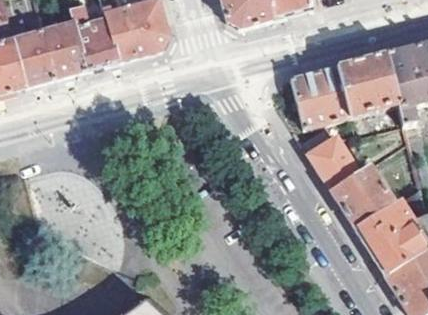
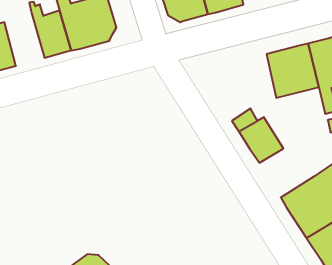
building: [43,20,88,78] -> none
building: [288,65,349,126] -> none
building: [330,165,392,226] -> none

